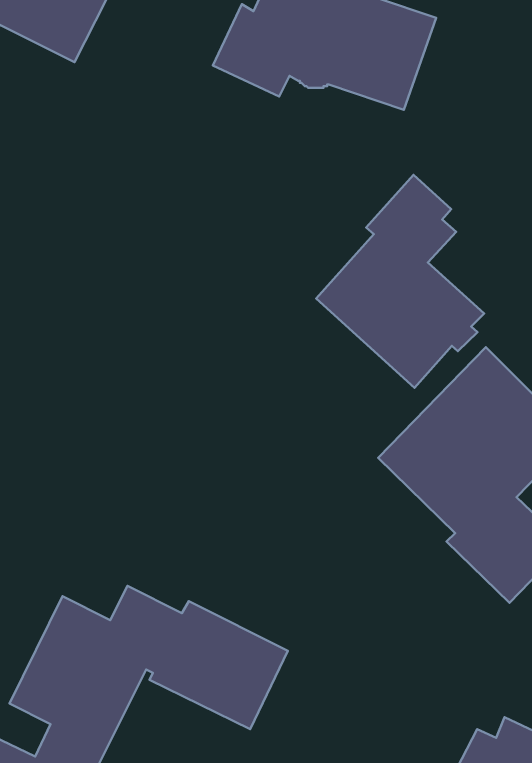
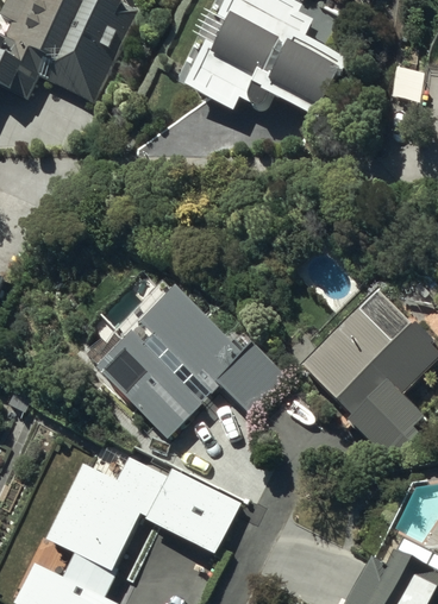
building: [316,175,484,388] -> none
building: none -> [100,296,287,438]

